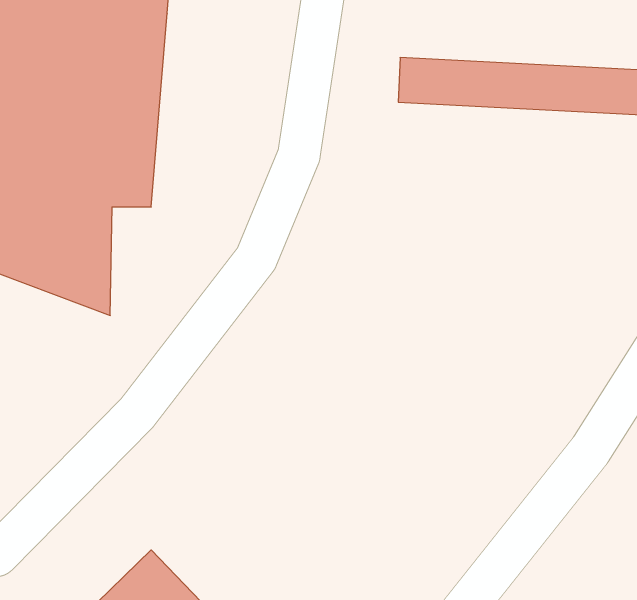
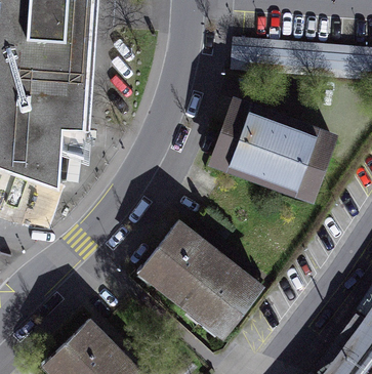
building: none -> [216,109,329,194]
building: none -> [141,227,258,335]

